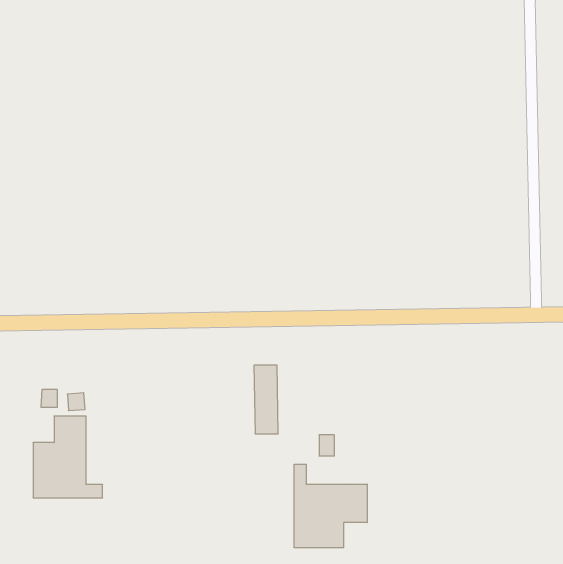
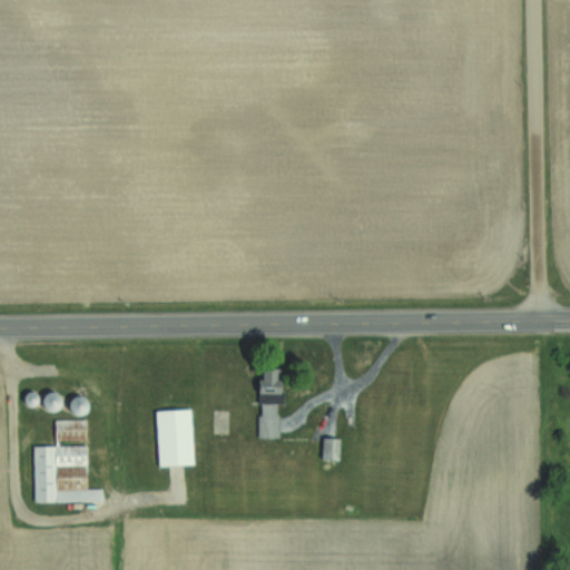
building: none -> [156,410,195,466]
building: [294,464,367,548] -> none

